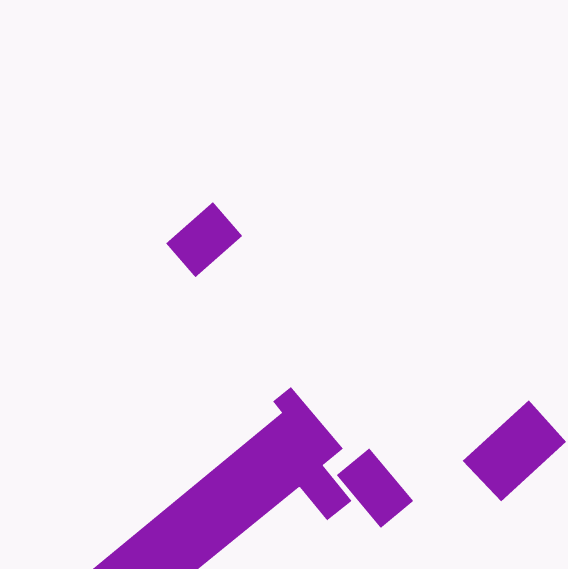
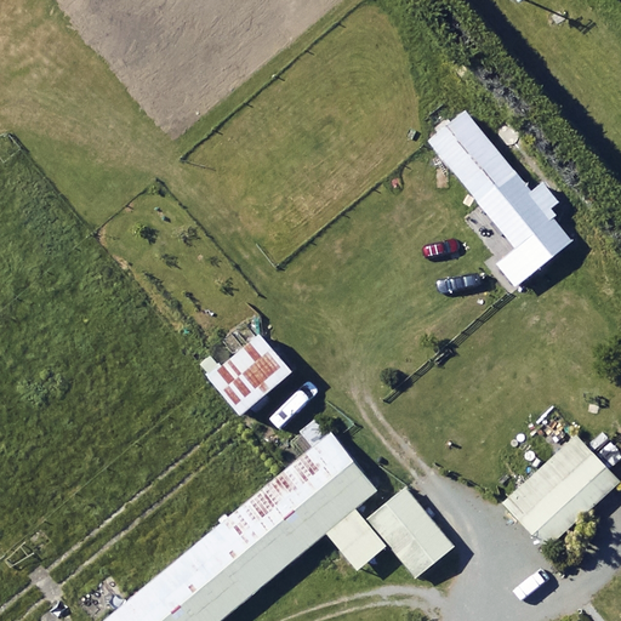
building: none -> [429,112,572,286]
building: [165,201,243,278] -> [209,330,294,414]

